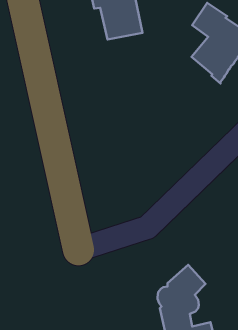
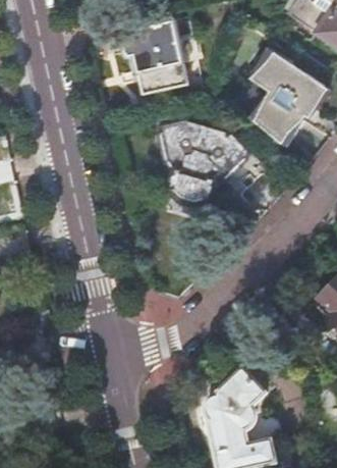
building: none -> [158,119,250,204]

